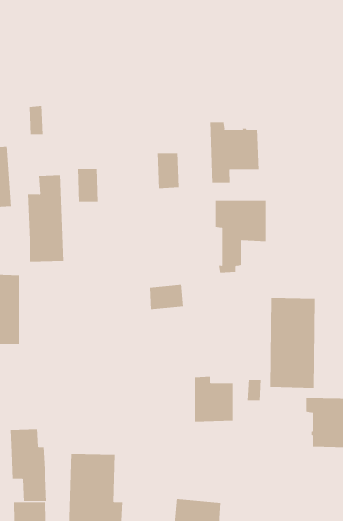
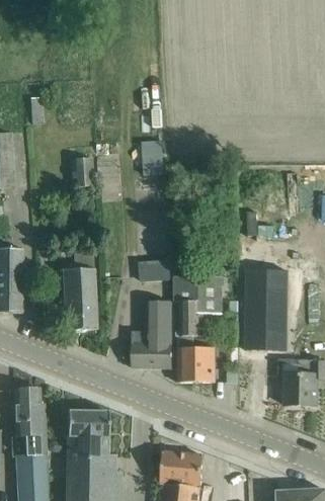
building: [210,121,259,183] -> none
building: [27,175,64,262] -> [63,252,96,331]
building: [215,200,267,273] -> [175,276,222,342]
building: none -> [134,301,171,367]

